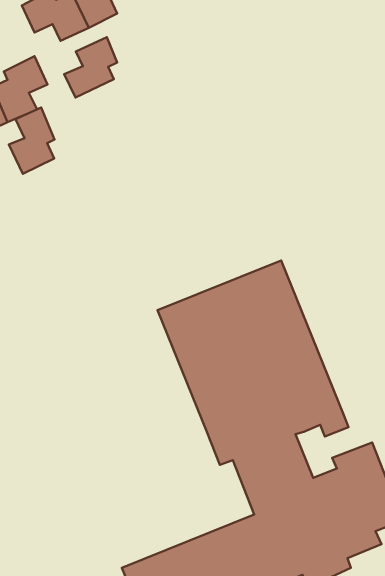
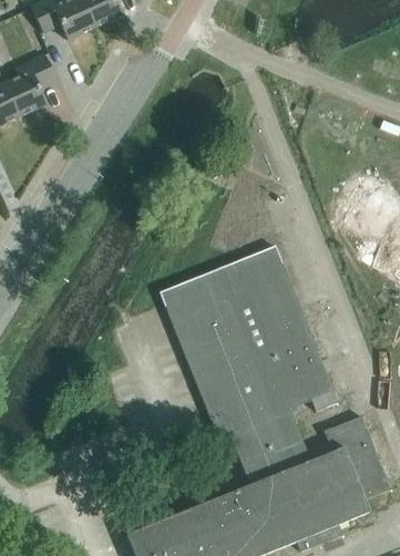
building: [64,37,117,97] -> none
building: [9,107,55,174] -> none

